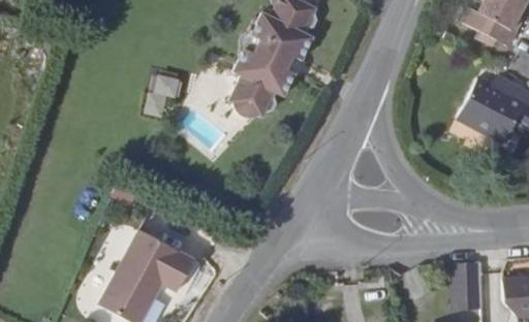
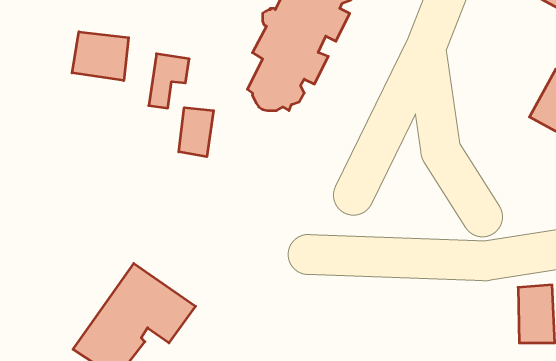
building: none -> [72,32,129,81]
building: none -> [179,108,214,157]

